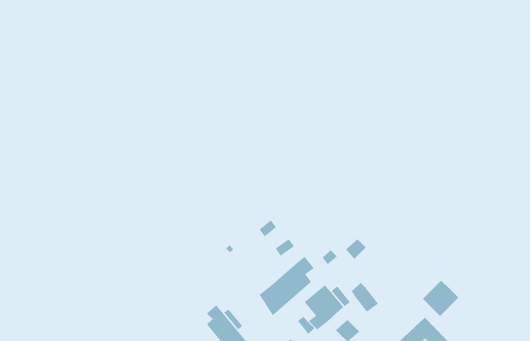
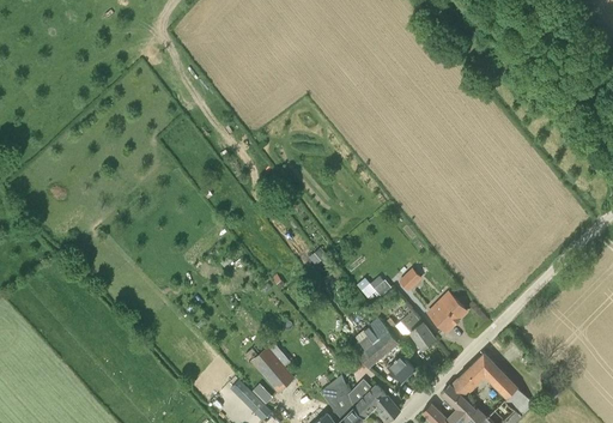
building: [259,256,314,316] -> none
building: [422,280,459,317] -> [426,292,466,332]

